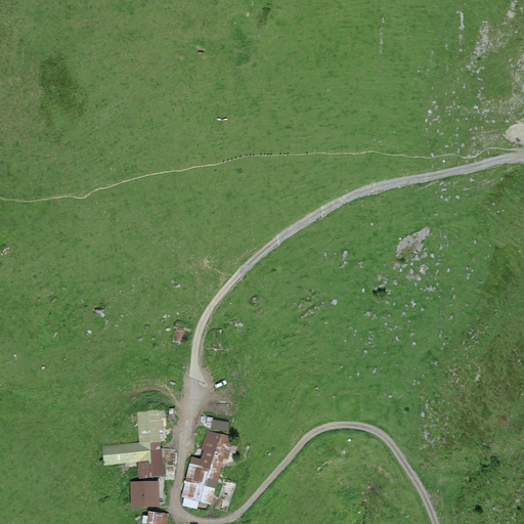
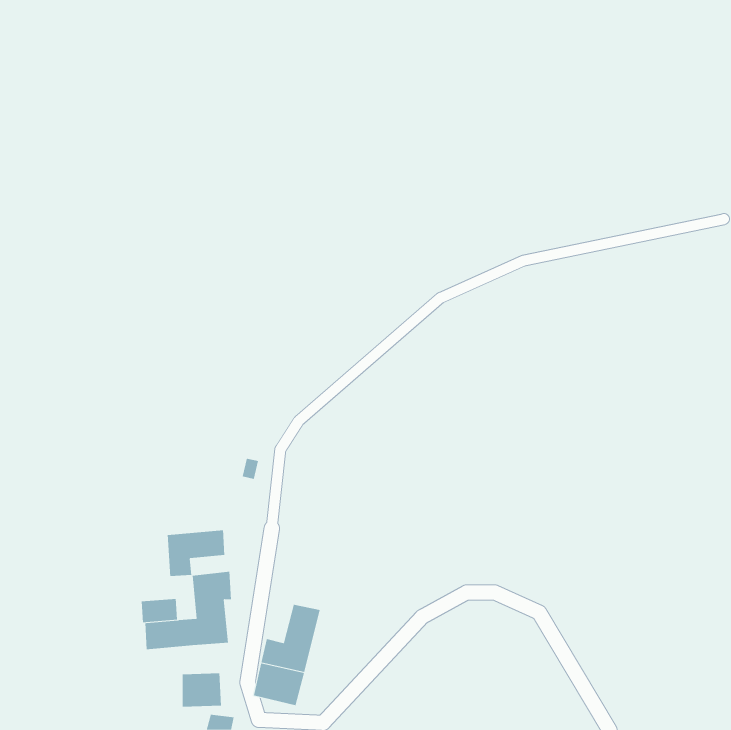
building: none -> [167,530,225,577]
building: [138,460,165,477] -> [141,598,178,623]

